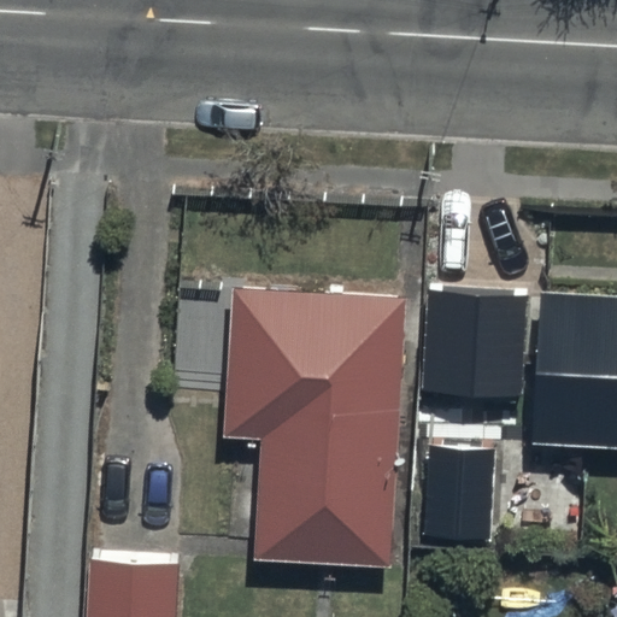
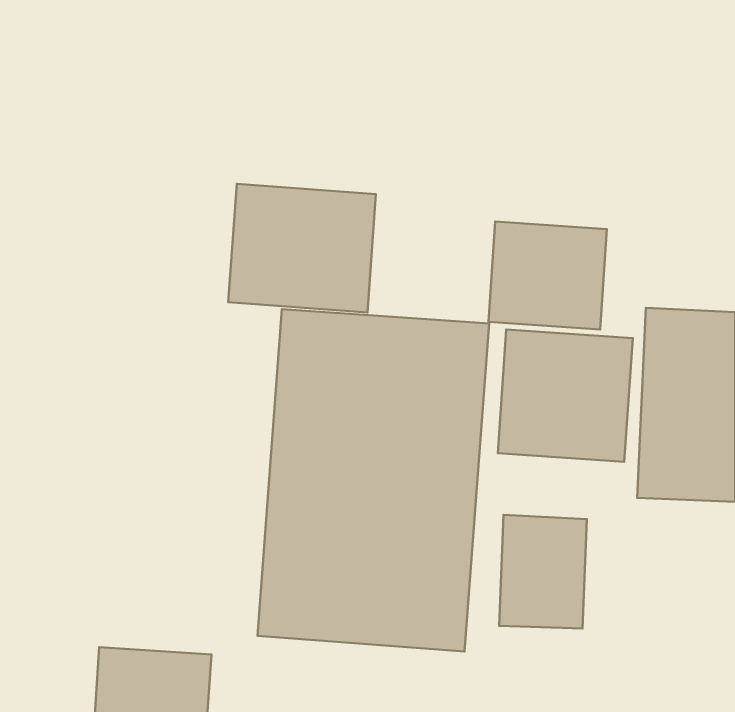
building: none -> [228,184,376,313]
building: none -> [488,221,607,330]

